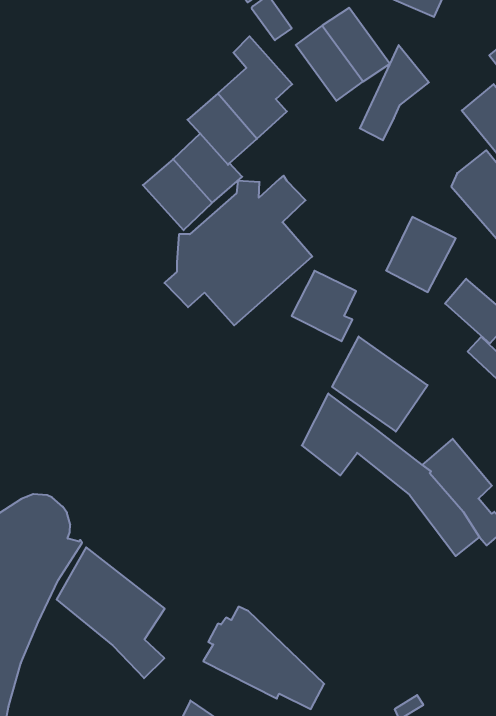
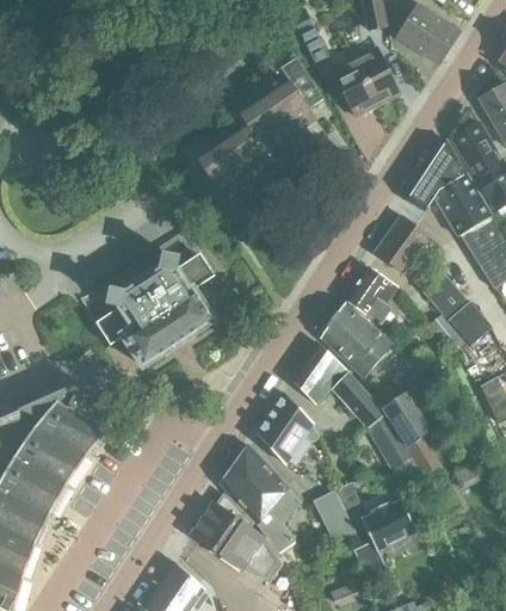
building: [360,45,429,140] -> [407,138,465,210]
building: [164,176,312,325] -> [94,252,212,363]
building: [292,271,356,341] -> [345,266,397,323]
building: none -> [257,393,319,463]
building: [57,547,165,678] -> [220,445,302,553]
building: none -> [353,496,414,578]
building: none -> [313,488,356,543]

